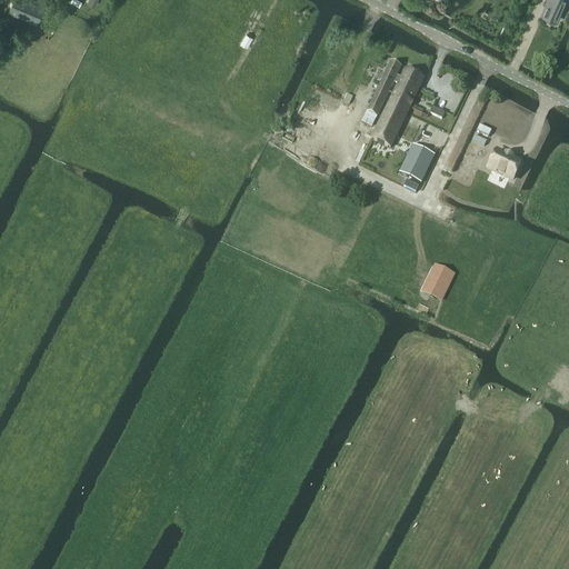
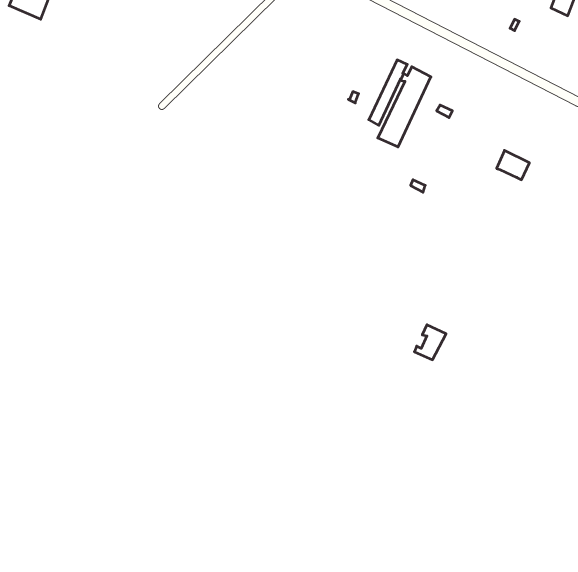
building: [399,141,435,180] -> none
building: [422,262,453,297] -> [414,325,446,360]

